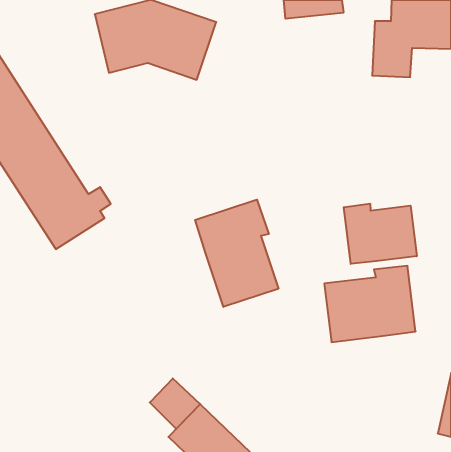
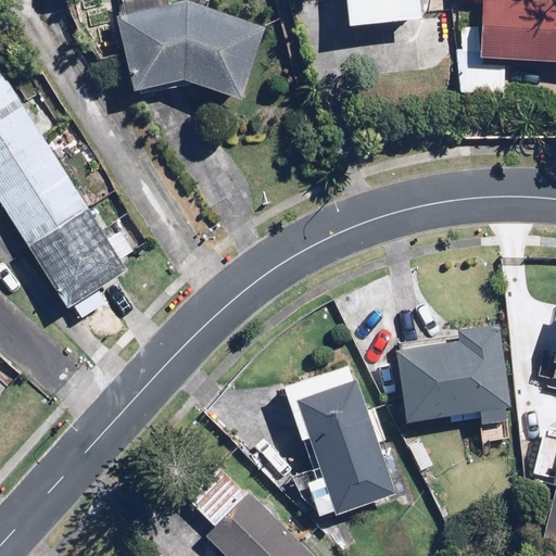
building: [195,200,278,307] -> none
building: [344,204,417,264] -> none
building: none -> [299,379,394,509]

